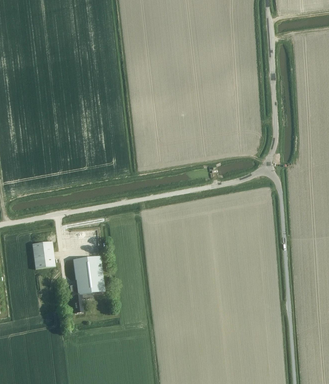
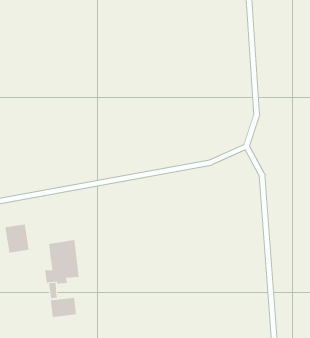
building: none -> [50,297,77,318]

